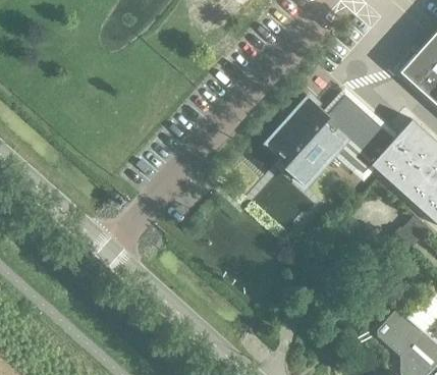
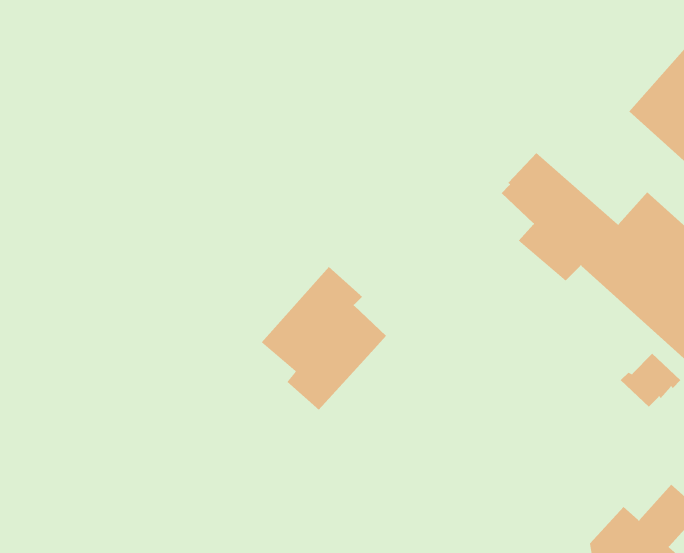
building: [268,98,343,184] -> [261,266,387,411]

